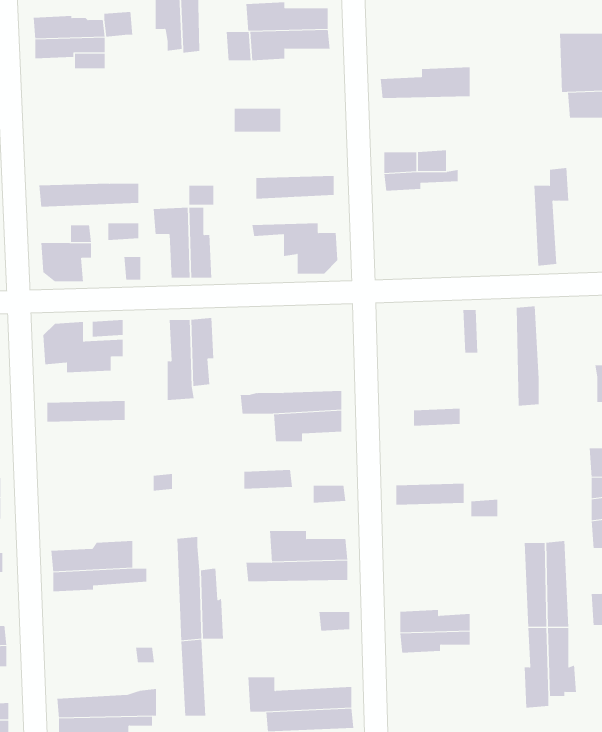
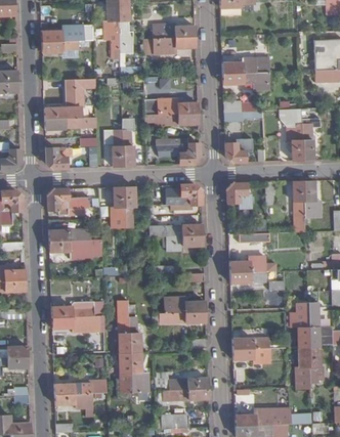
building: none -> [223,72,270,90]
building: none -> [45,78,95,118]
building: none -> [144,96,199,114]
building: none -> [281,108,304,160]
building: none -> [226,137,250,162]
building: none -> [303,180,322,218]
building: none -> [227,182,252,209]
building: none -> [155,184,202,210]
building: none -> [49,238,101,259]
building: none -> [229,257,266,273]
building: none -> [130,353,150,393]

